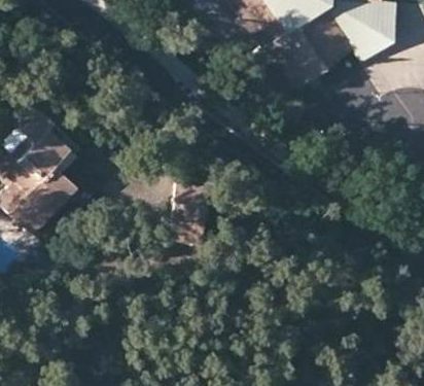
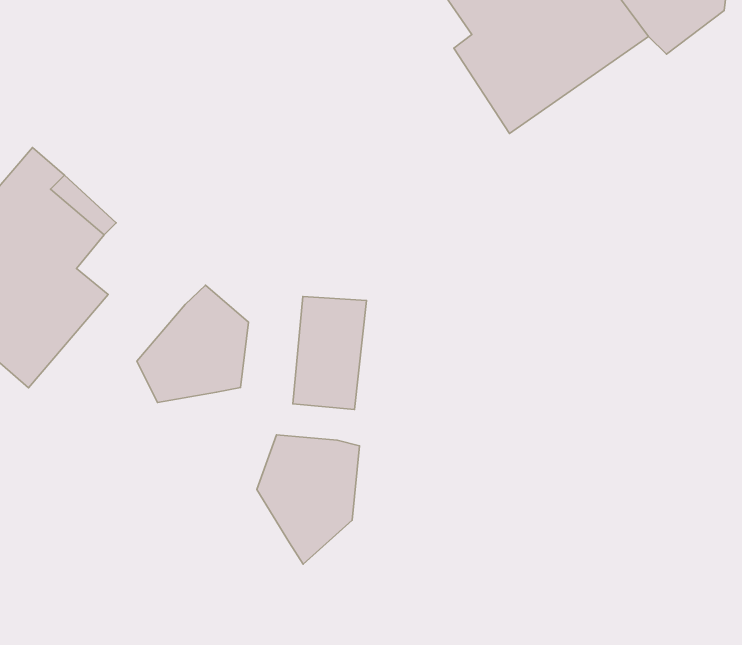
building: none -> [137,285,248,403]
building: none -> [257,435,360,564]

